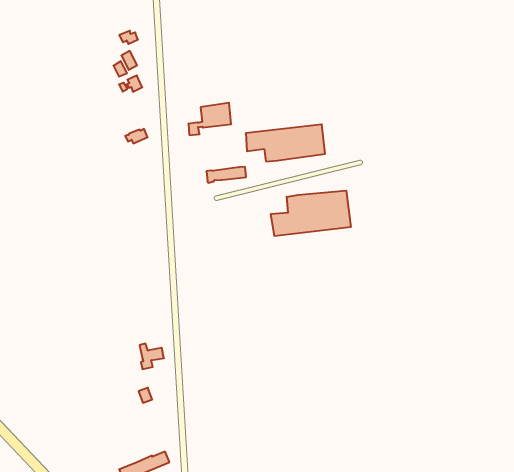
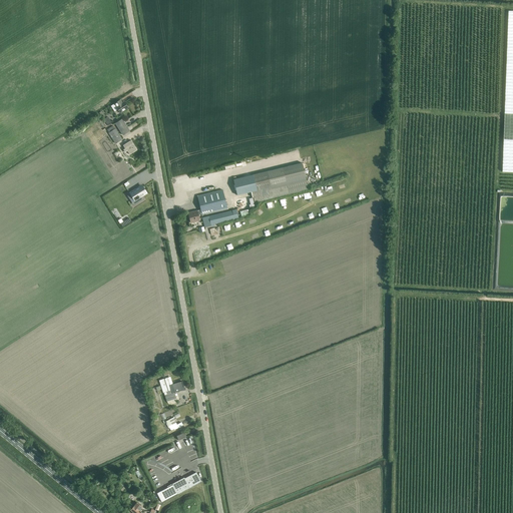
building: [188,103,231,135] -> [191,188,229,221]
building: [271,191,351,236] -> none

